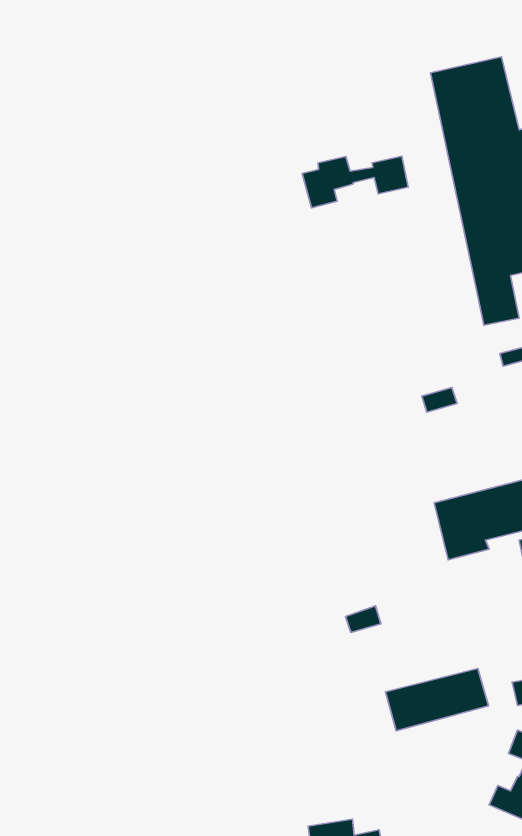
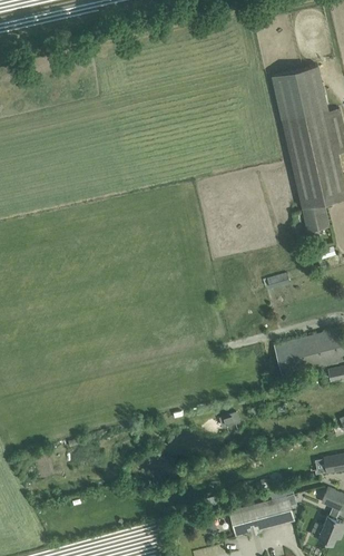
building: [302,156,408,208] -> none
building: [386,669,488,731] -> [229,497,294,536]

